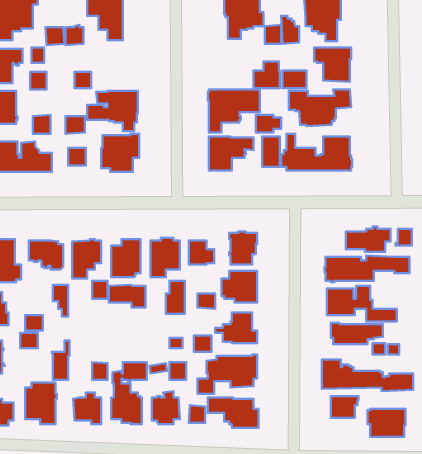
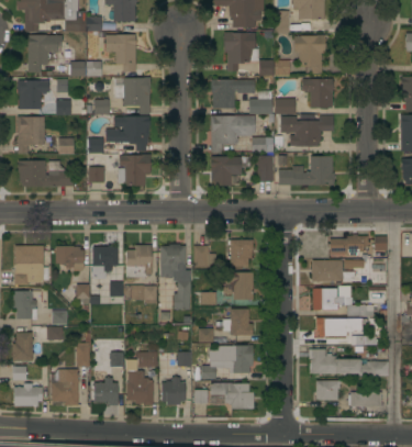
building: none -> [114,77,151,114]
building: none -> [210,79,255,109]

